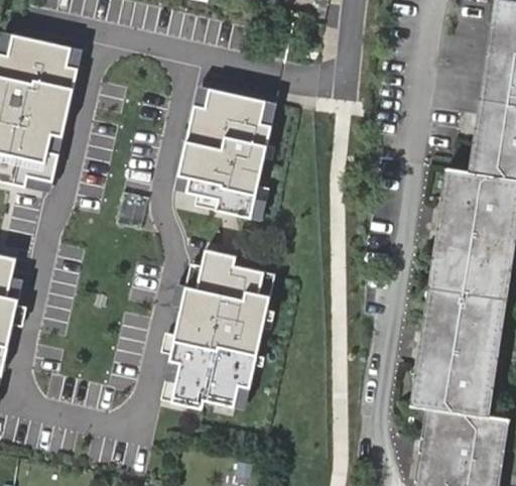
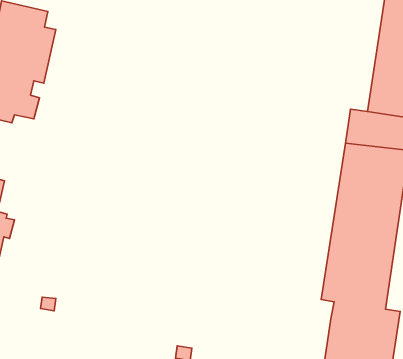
building: [179,86,278,216] -> none
building: [162,249,279,409] -> none

